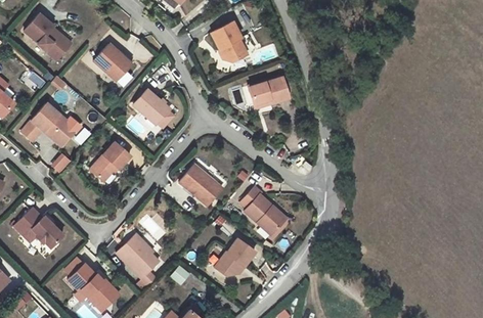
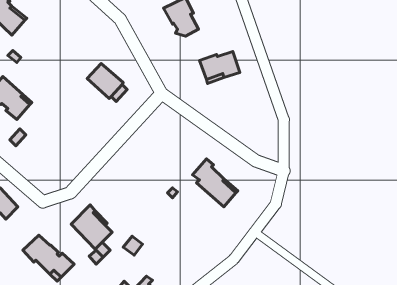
building: [94,44,132,81] -> none
building: [90,142,130,182] -> none
building: [179,165,222,206] -> none
building: [215,238,256,275] -> none

